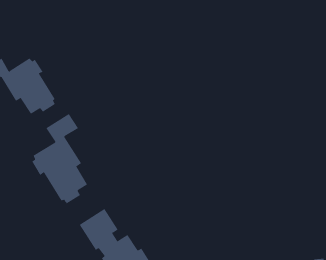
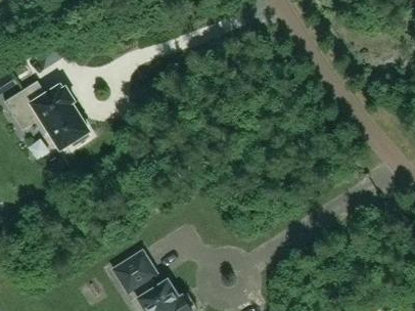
building: [31,113,88,204] -> none

